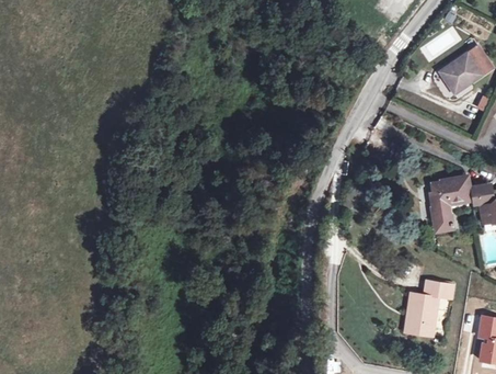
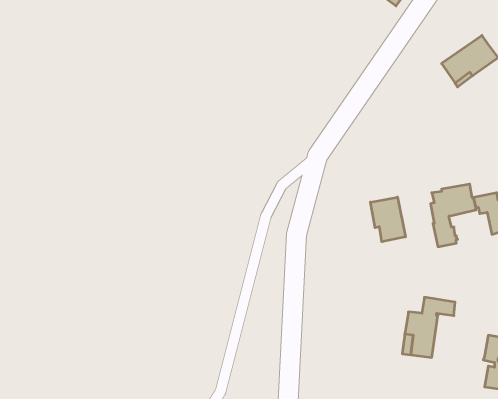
building: none -> [370,197,405,242]

